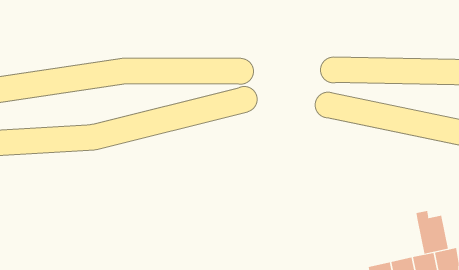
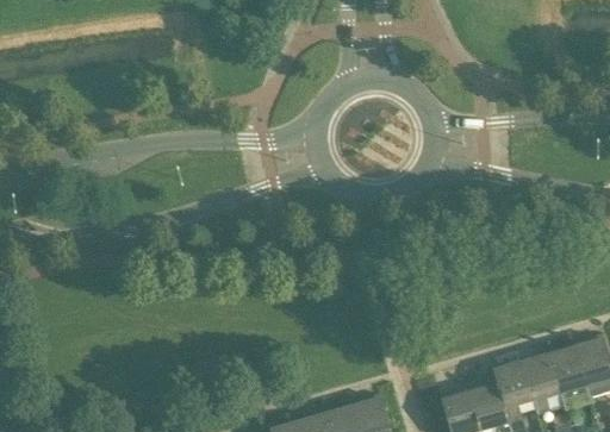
building: [416,210,448,254] -> none

